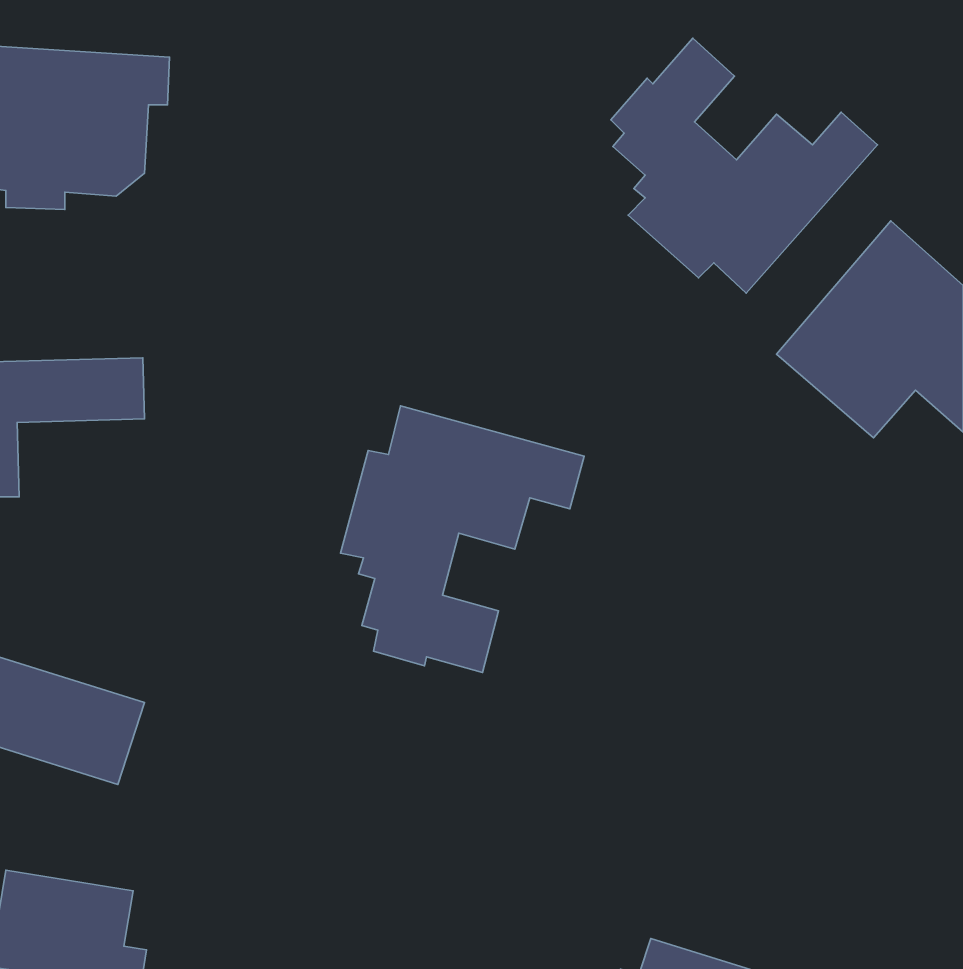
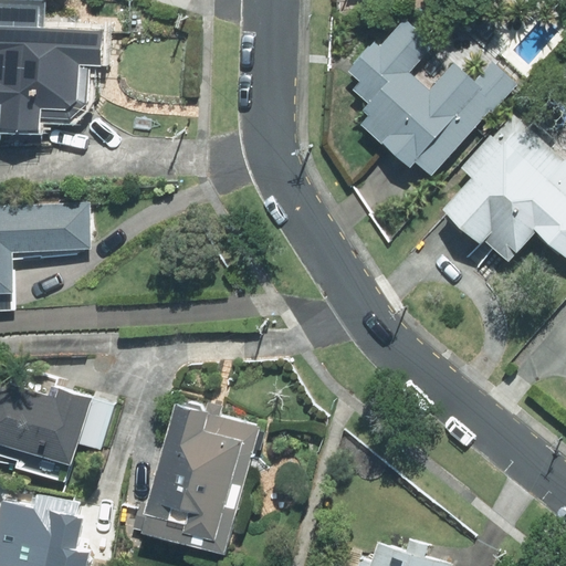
building: [340,406,584,673] -> none
building: none -> [148,410,253,546]

